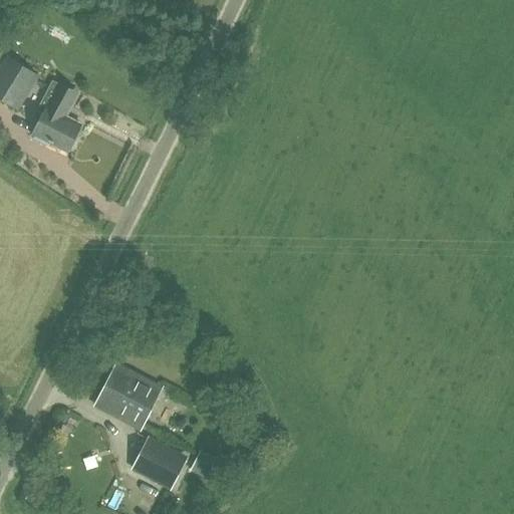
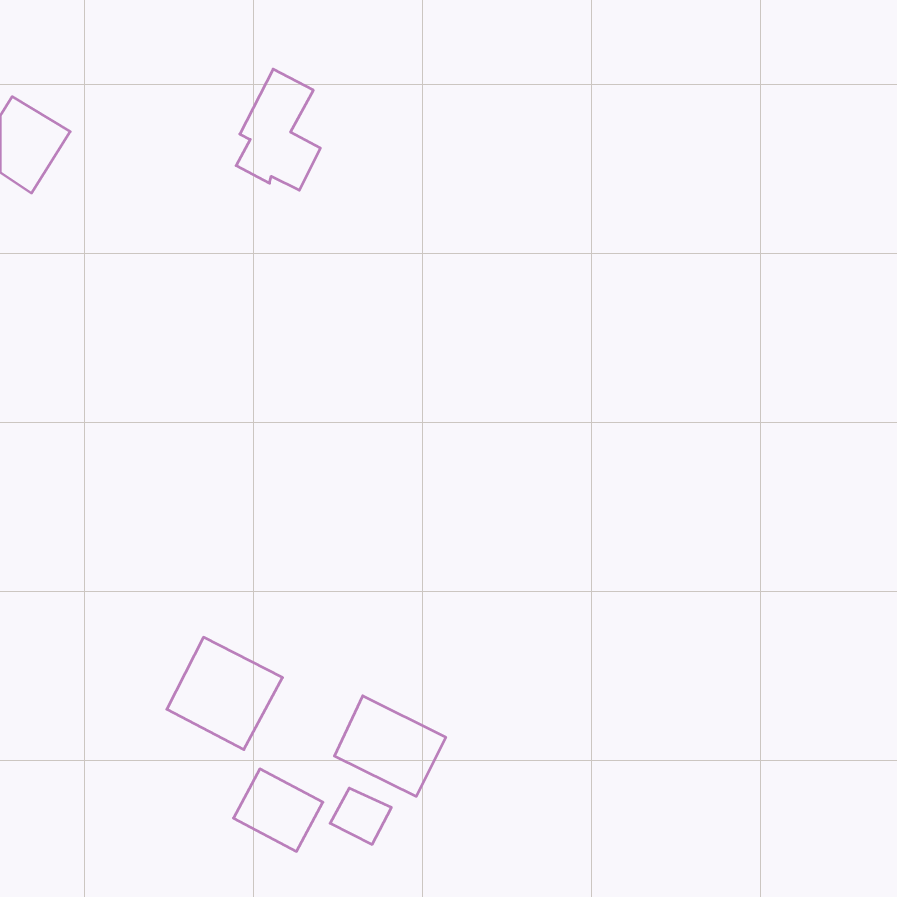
building: [31,80,79,150] -> [236,69,320,190]
building: none -> [334,696,446,796]

